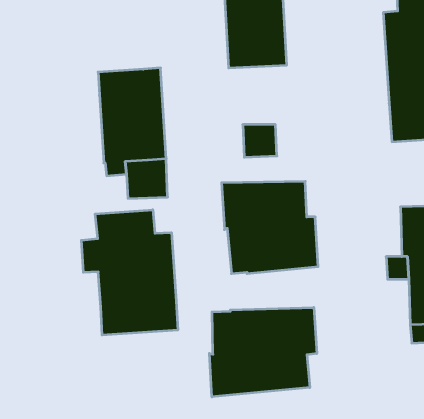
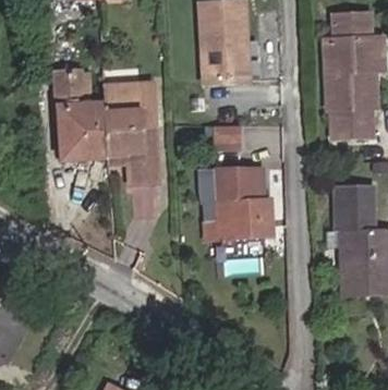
building: none -> [53,68,108,158]
building: [81,210,178,335] -> none
building: [209,307,317,397] -> none

